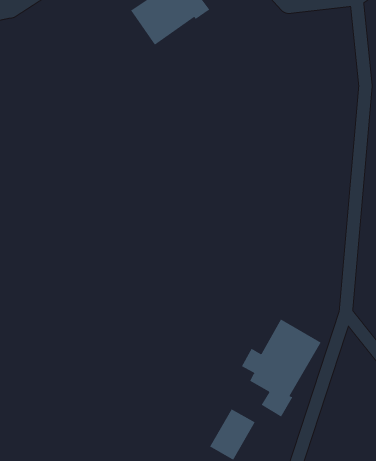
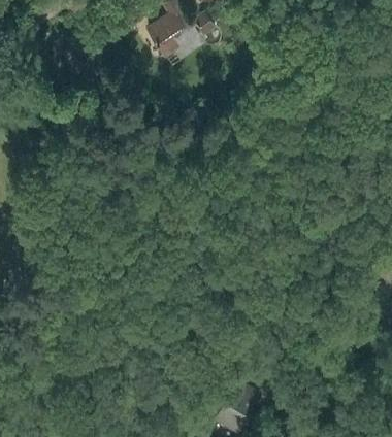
building: [241,319,322,418] -> none

